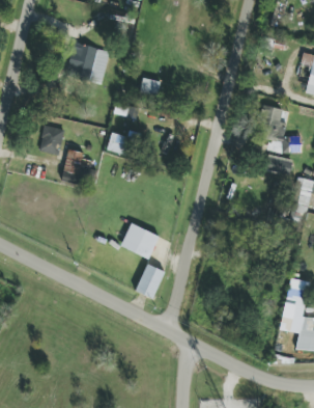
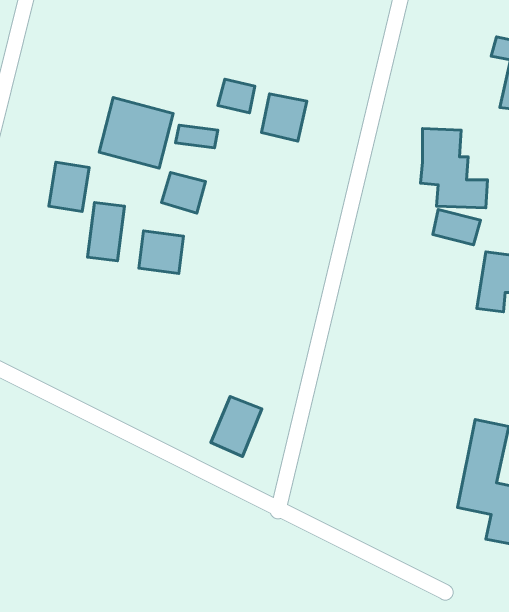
building: [66,43,110,84] -> [99,98,173,168]
building: none -> [262,94,307,141]
building: none -> [139,231,184,273]
building: [120,223,159,259] -> none

